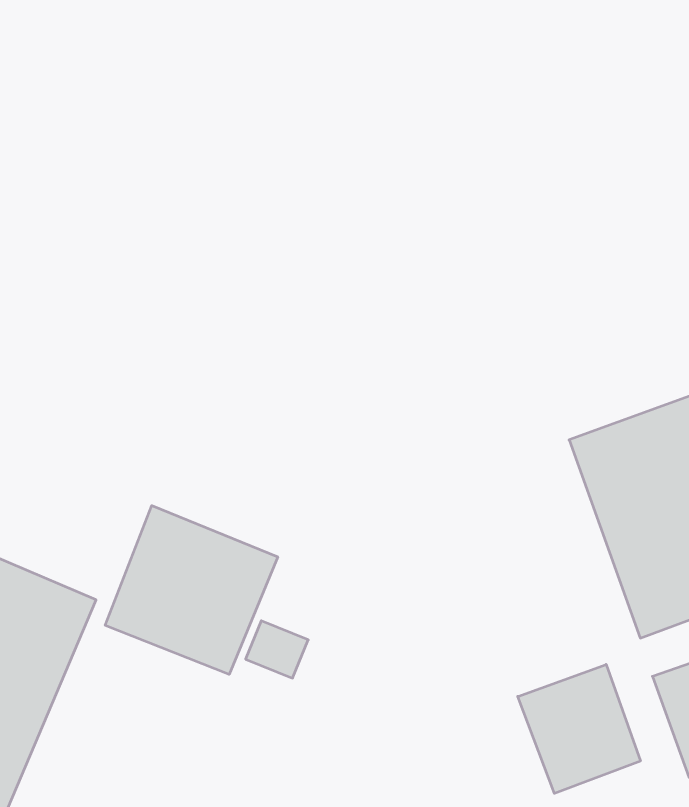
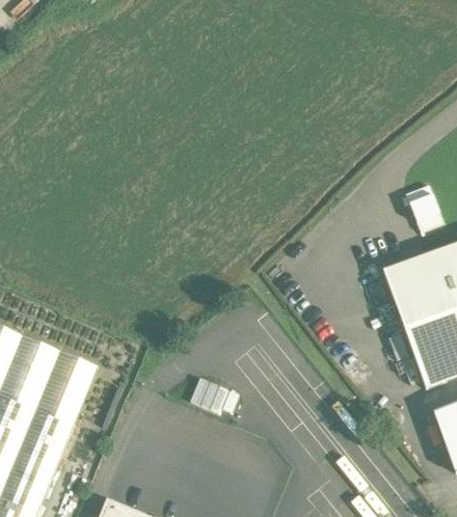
building: [105,506,278,674] -> none
building: [518,664,640,793] -> none

